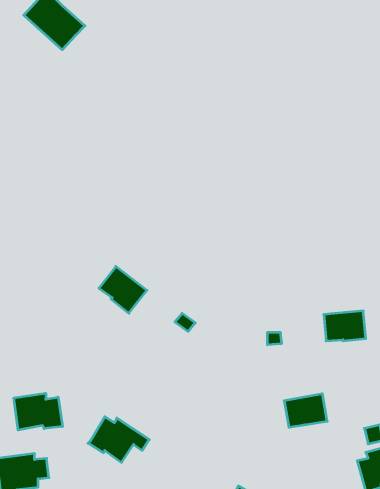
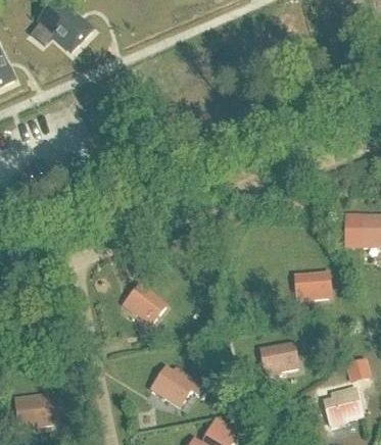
building: [99,266,147,313] -> [125,284,165,324]
building: [14,393,62,430] -> none
building: [88,417,149,462] -> [150,366,202,405]

